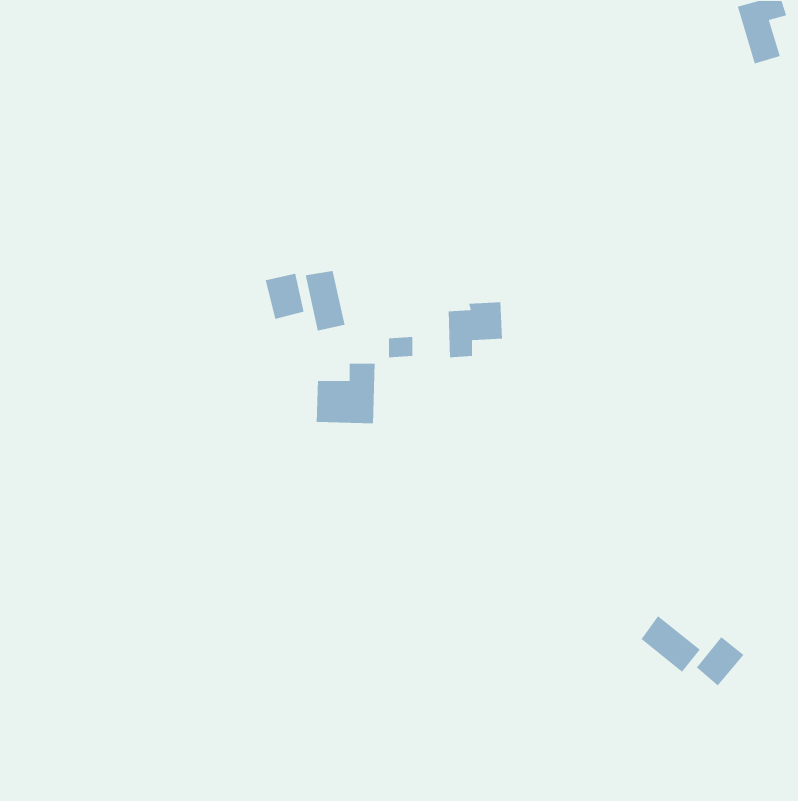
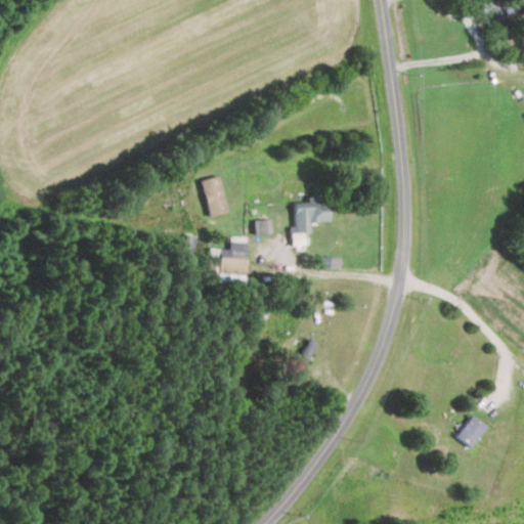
building: [265,273,305,320] -> none
building: [641,615,701,673] -> none

